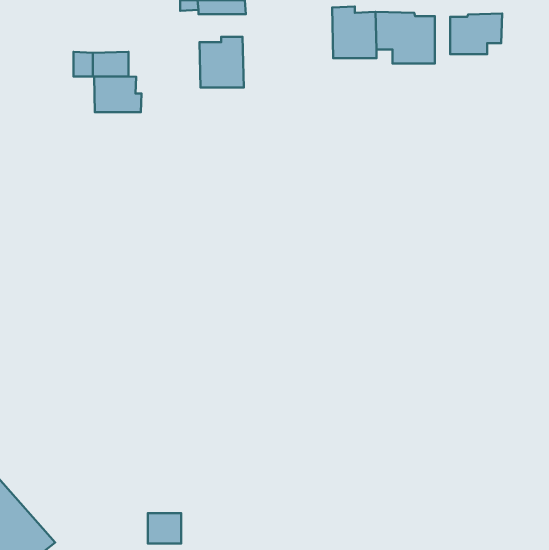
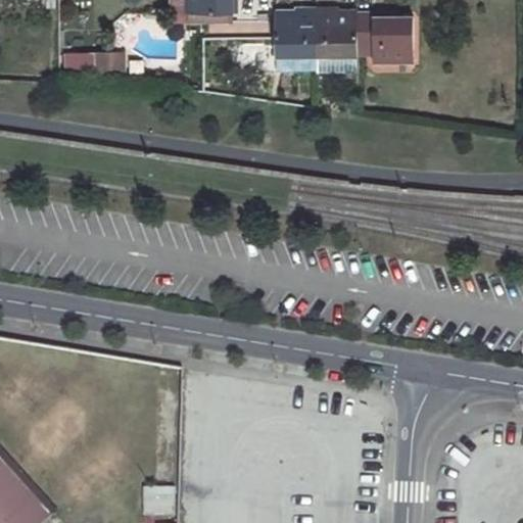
building: [450,14,502,54] -> none
building: [199,37,244,88] -> [274,8,316,56]
building: [94,77,142,112] -> none

